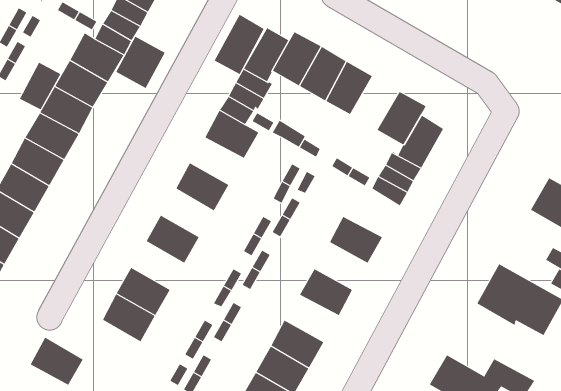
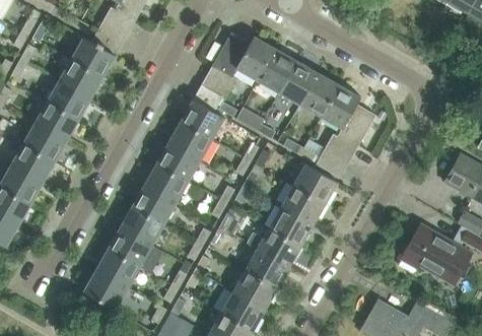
building: [214,14,264,75] -> none
building: [115,36,165,89] -> none
building: [19,62,61,110] -> none
building: none -> [298,73,338,117]
building: none -> [167,123,212,161]
building: none -> [144,164,188,204]
building: none -> [292,164,337,204]
building: none -> [120,207,163,247]
building: none -> [269,208,313,247]
building: none -> [245,251,289,289]
building: [30,337,83,386] -> [84,271,128,311]

